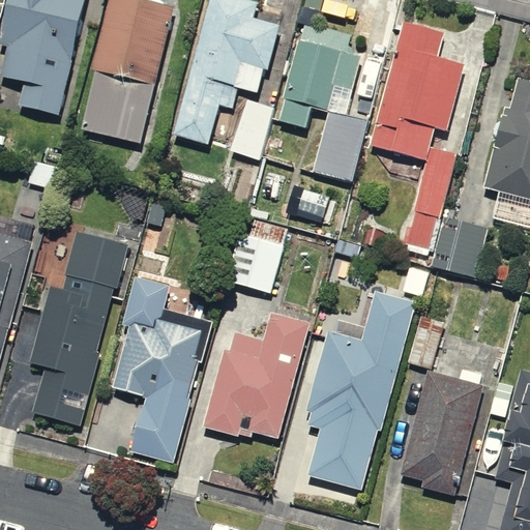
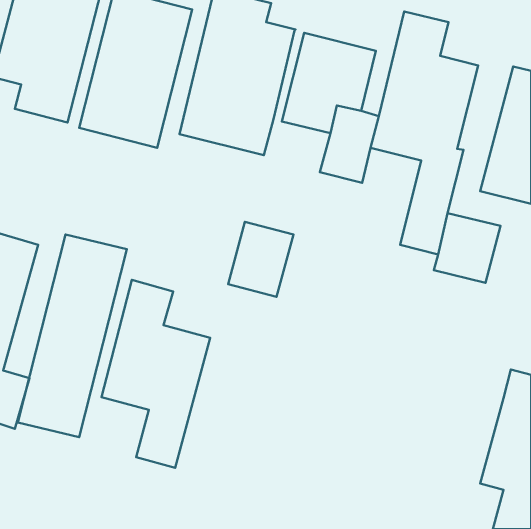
building: [300,290,449,493] -> none
building: [199,307,315,448] -> none
building: [386,369,494,501] -> none

